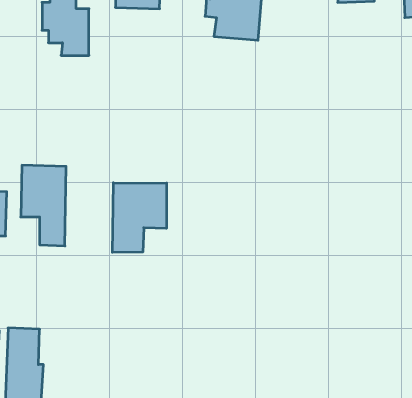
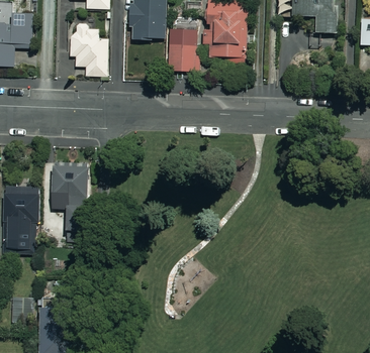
building: none -> [168,38,195,71]
building: [112,183,167,252] -> none

